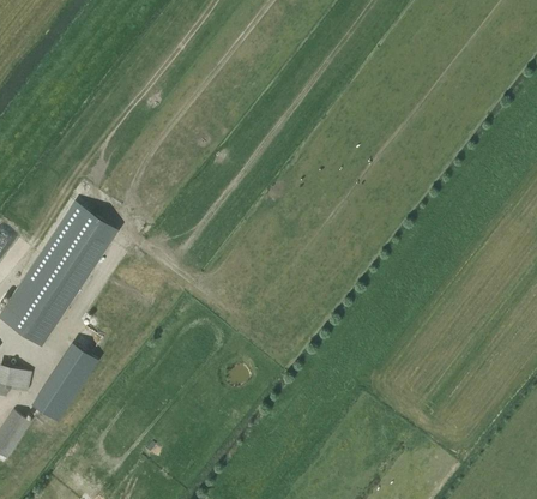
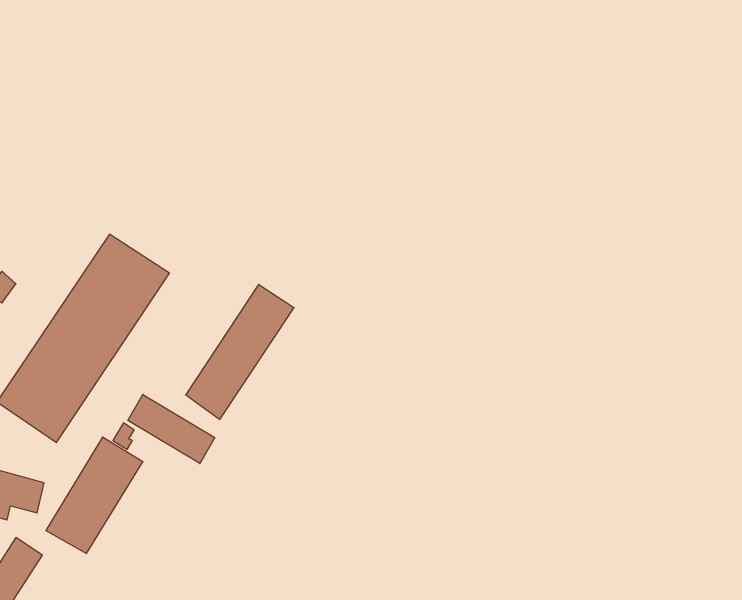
building: none -> [186,284,294,419]
building: none -> [128,394,215,464]

